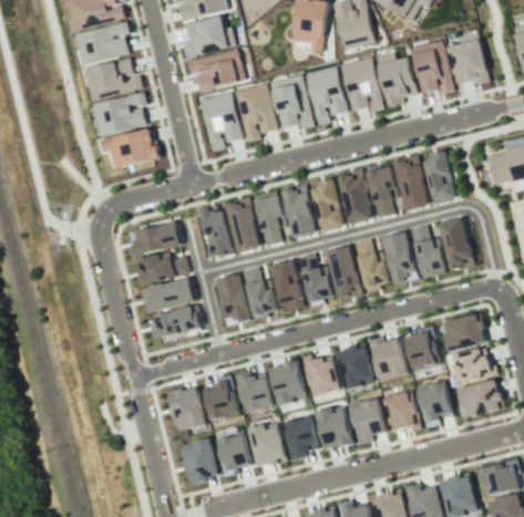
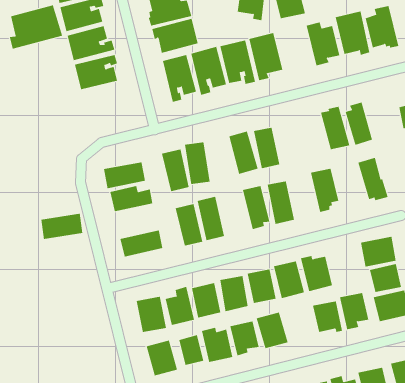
building: none -> [9,4,63,49]
building: [339,56,383,111] -> none
building: [99,126,158,168] -> none
building: [366,165,398,216] -> none
building: [338,168,372,224] -> none
building: [251,190,286,246] -> none
building: [409,225,444,278] -> none
building: [353,238,390,290] -> none
building: [270,259,305,312] -> none
building: [141,279,193,311] -> [40,213,83,239]
building: [402,328,441,371] -> none
building: [348,397,386,444] -> none

